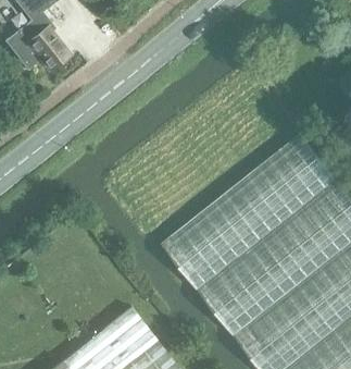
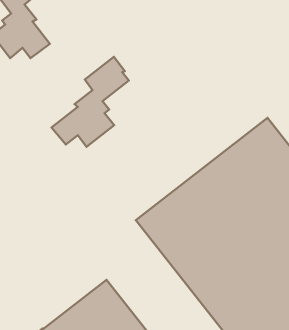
building: none -> [51,57,129,147]

